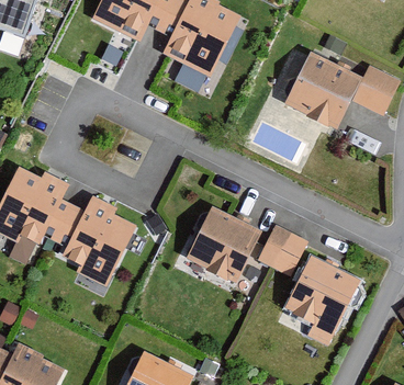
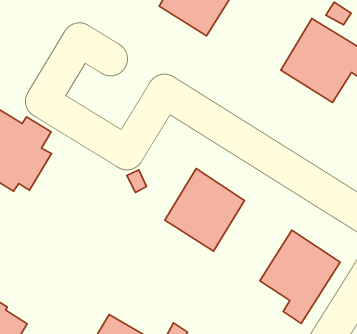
building: [54,195,135,286] -> none
building: [259,224,305,273] -> none

